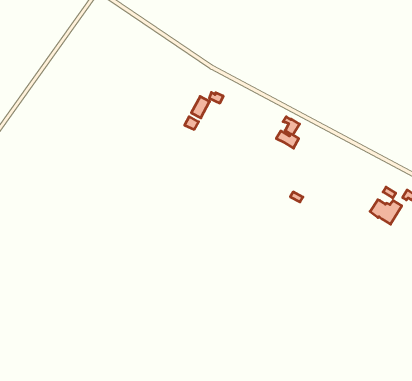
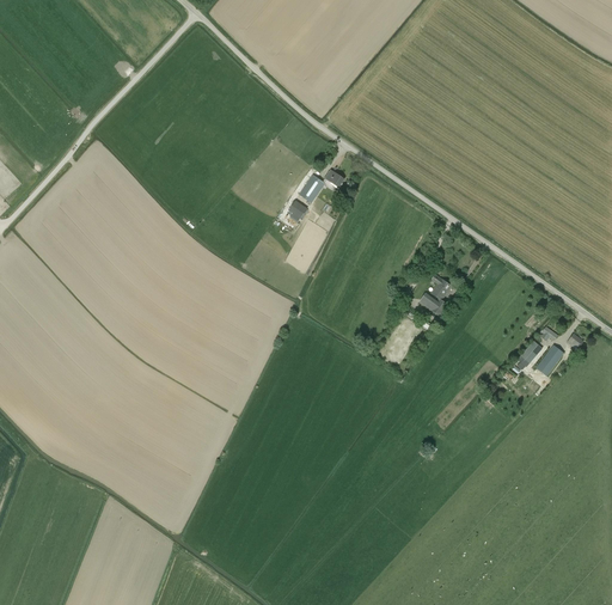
building: [276,117,300,148] -> [417,274,451,317]

